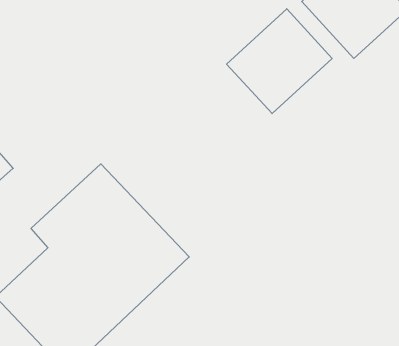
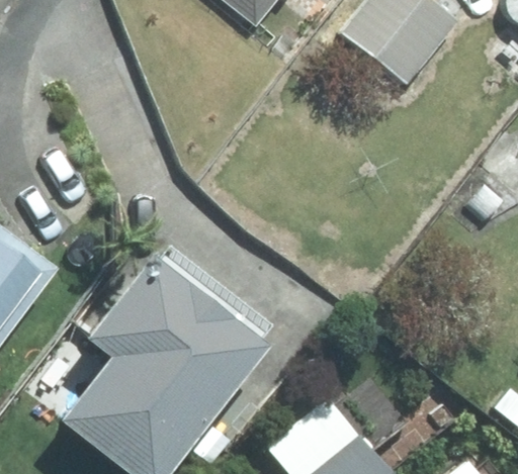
building: [227,9,332,114] -> none

